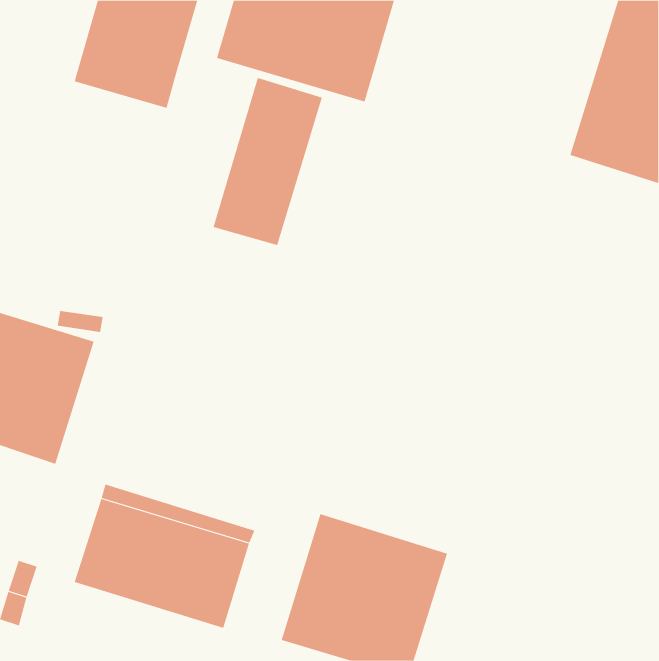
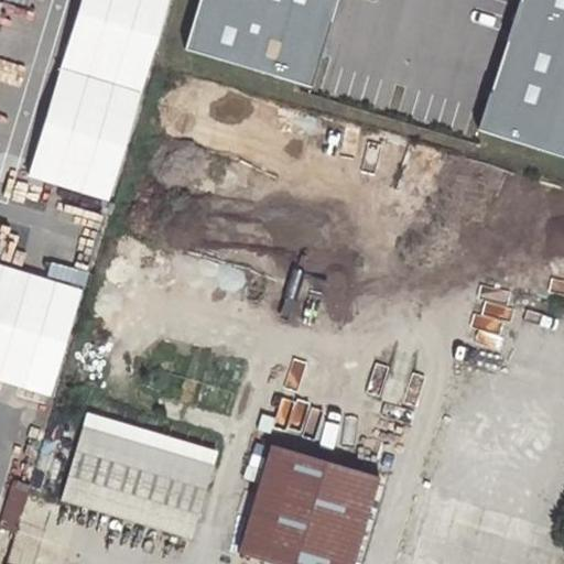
building: [213,77,322,246] -> none
building: none -> [31,69,142,199]

